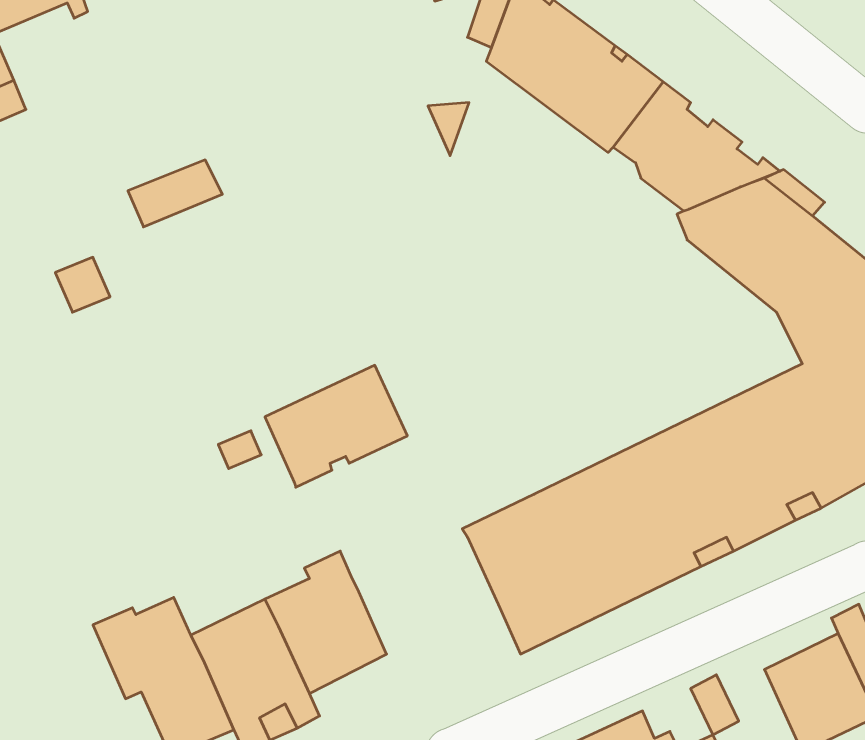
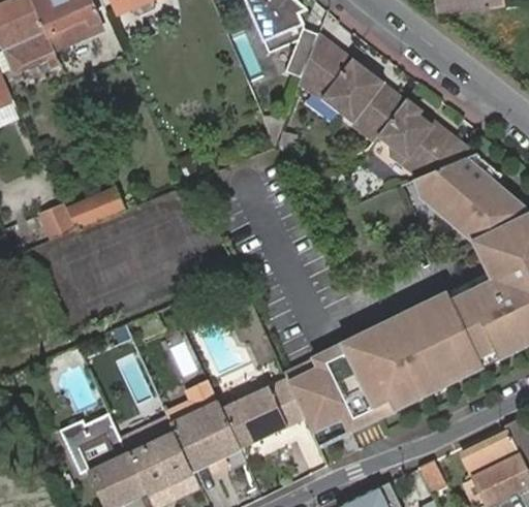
building: [128,160,222,227] -> [68,189,125,229]
building: [265,365,407,487] -> [221,376,307,449]

